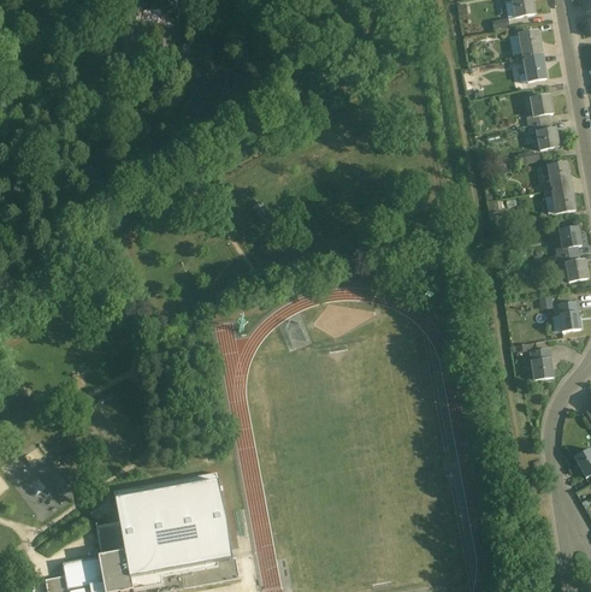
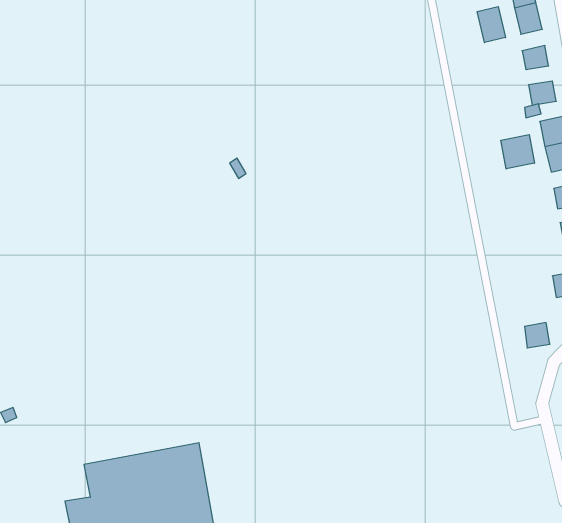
building: none -> [477,7,505,43]
building: none -> [501,135,534,169]

